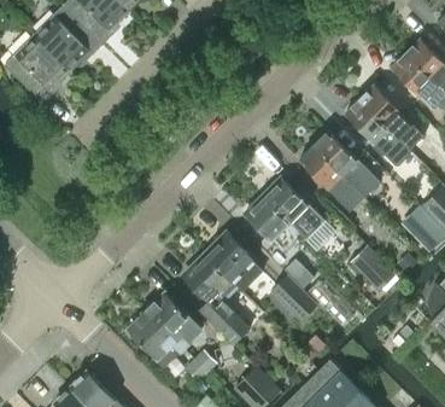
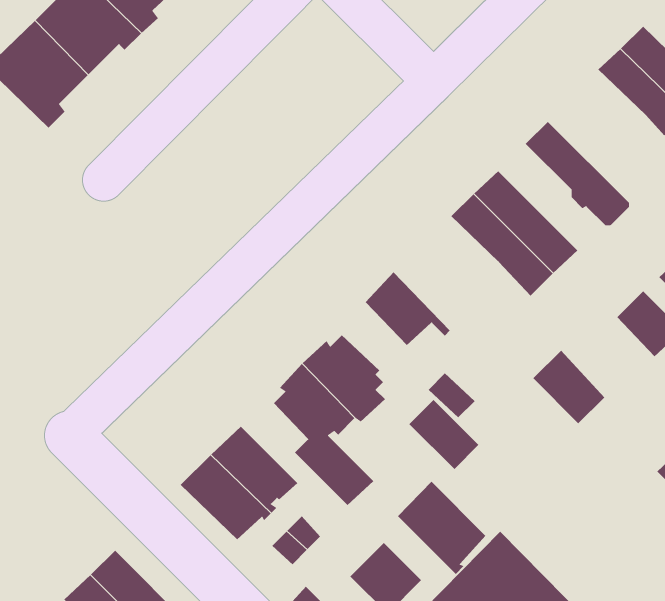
building: [359,86,422,152] -> none
building: [262,178,324,240] -> none
building: none -> [397,481,486,575]

